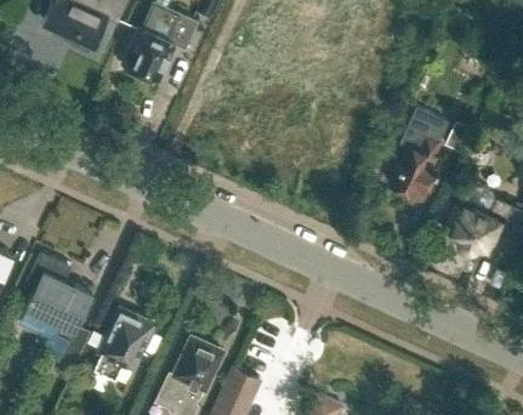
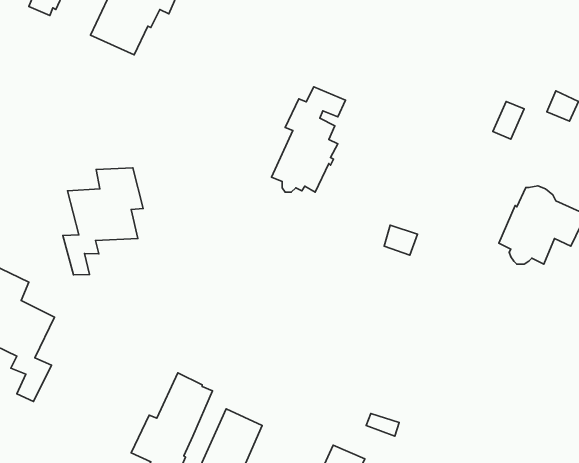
building: [390,112,449,197] -> [272,87,345,192]
building: none -> [63,168,143,275]
building: [93,311,152,380] -> none

